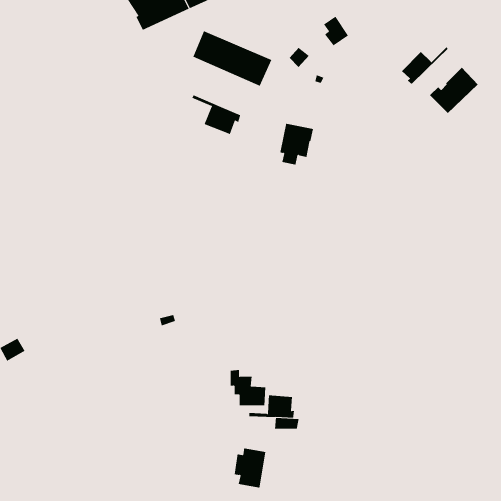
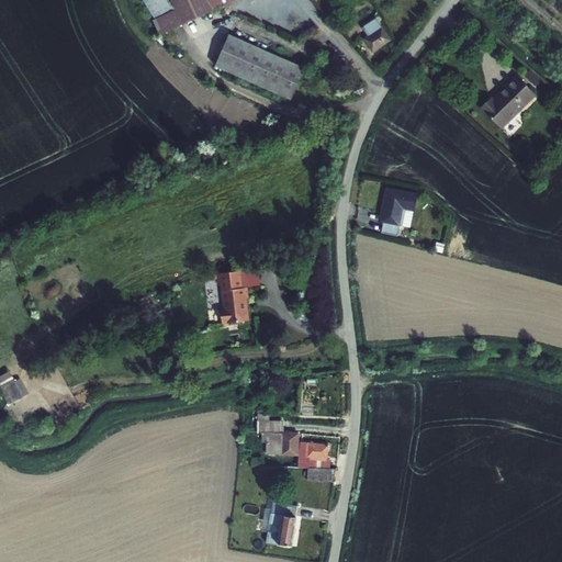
building: [401,47,449,85] -> none
building: [192,94,241,135] -> none
building: [280,123,314,165] -> [379,188,417,235]
building: none -> [216,267,259,323]

